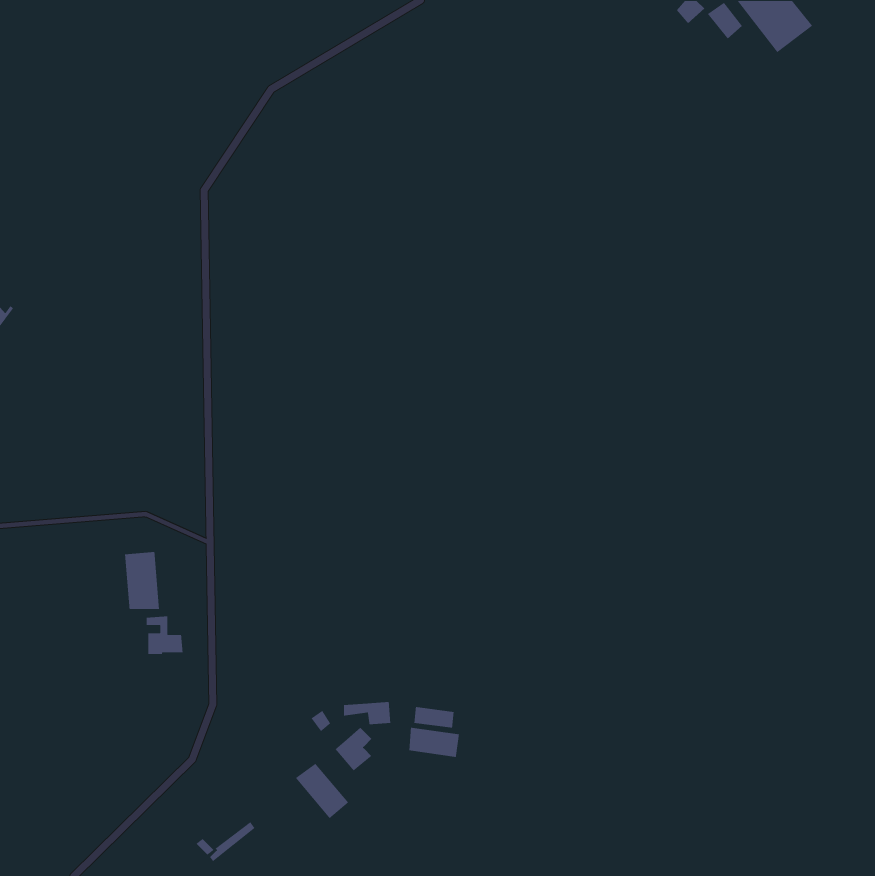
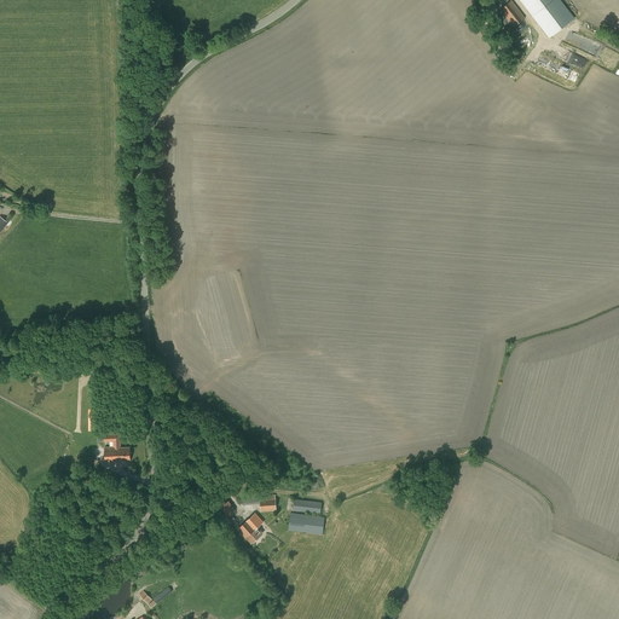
building: [124,551,160,610] -> none
building: [295,763,349,819] -> none

